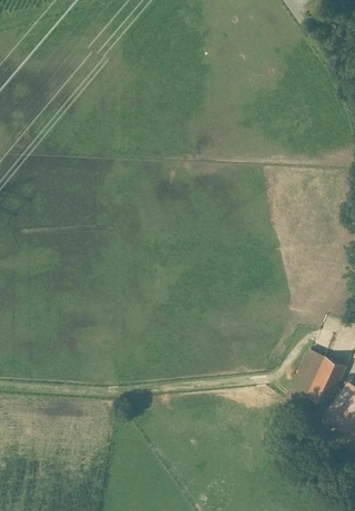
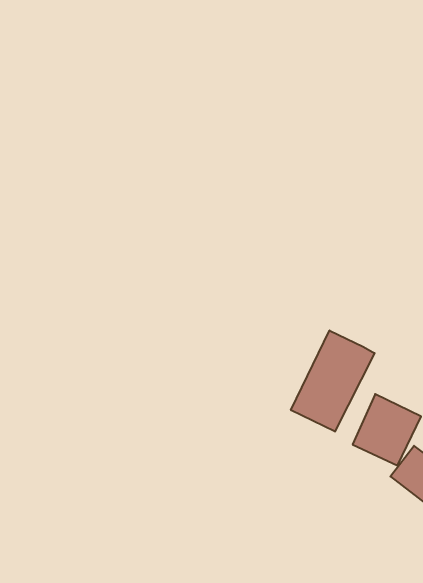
building: none -> [291,330,375,432]

